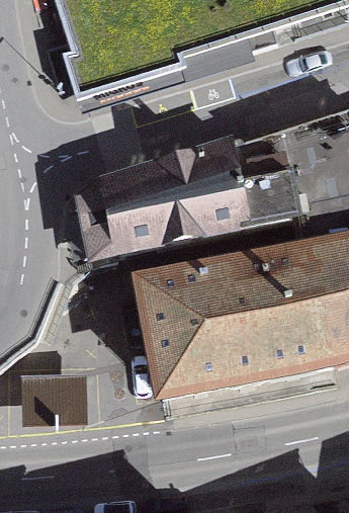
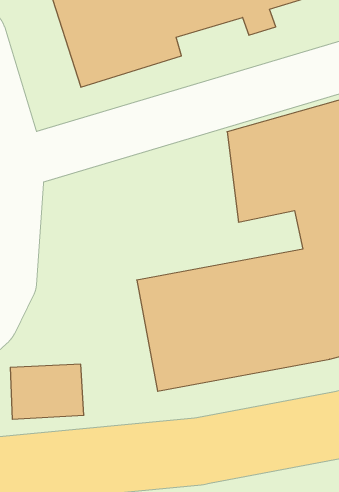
building: [78,140,239,265] -> none

